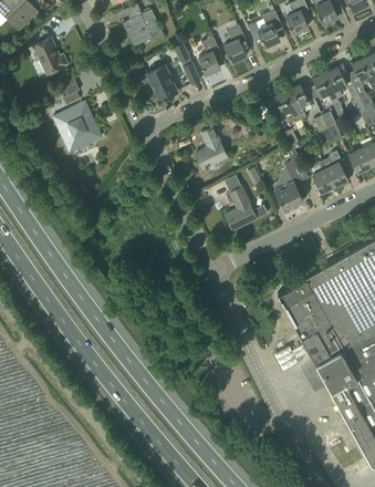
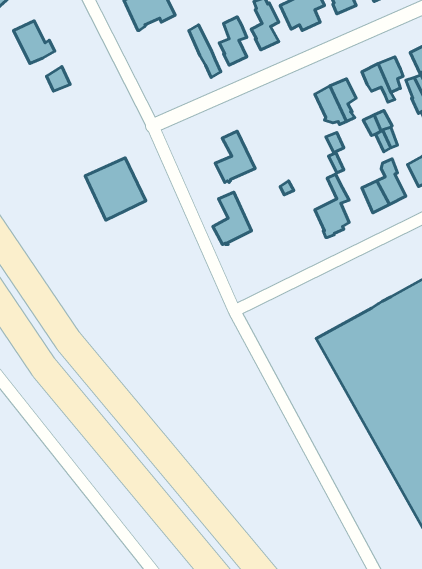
building: [147,66,178,101] -> none
building: [53,103,102,153] -> [85,158,146,220]
building: [226,188,257,230] -> [213,192,252,245]

